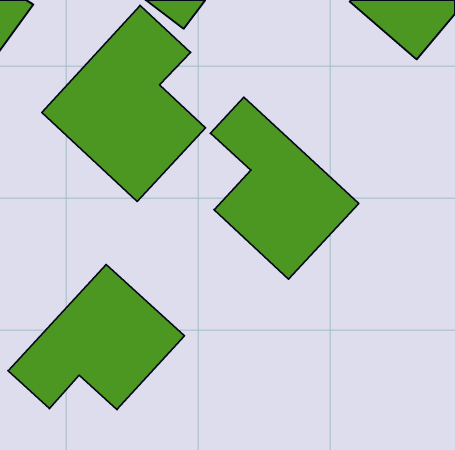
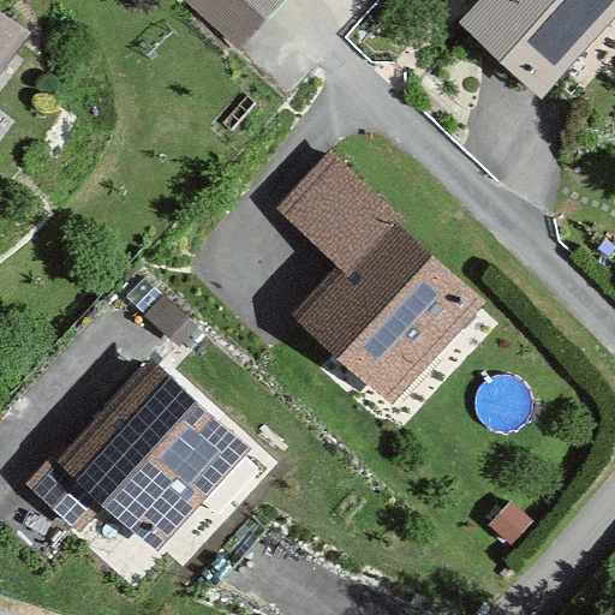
building: [42,5,205,201] -> none

